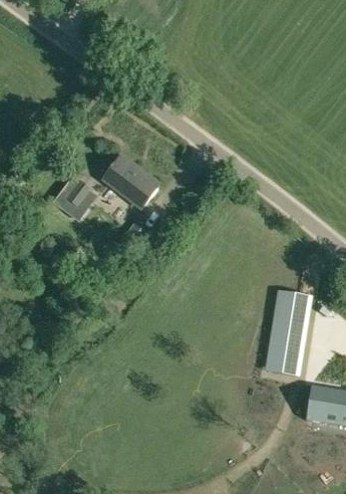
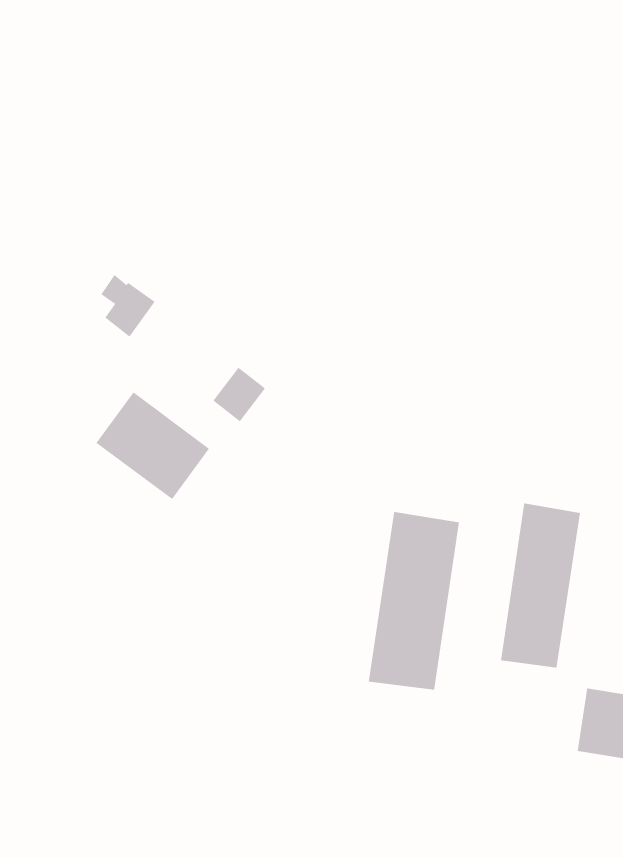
building: [101,154,159,209] -> [96,392,210,500]
building: none -> [368,511,459,691]

